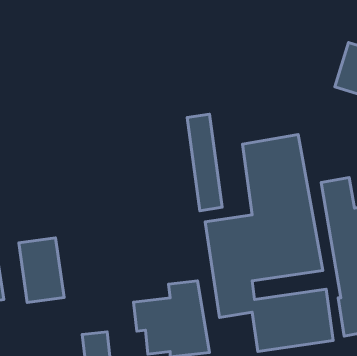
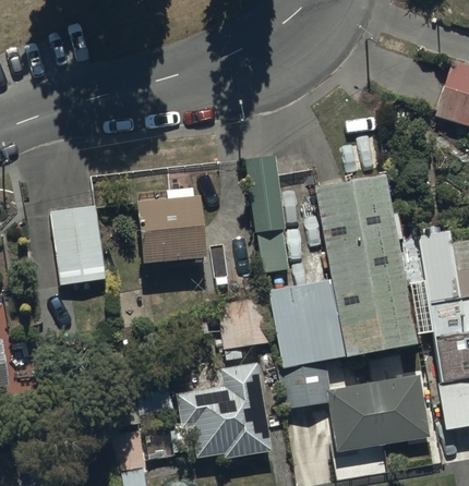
building: none -> [137,185,206,266]
building: none -> [216,290,270,348]
building: [19,238,64,303] -> [50,202,108,284]

